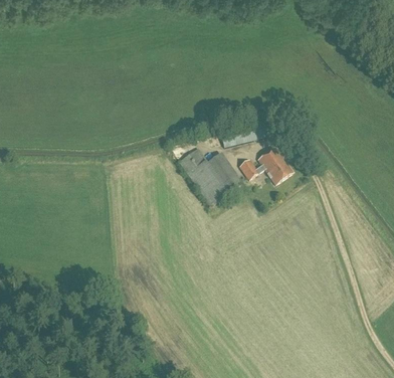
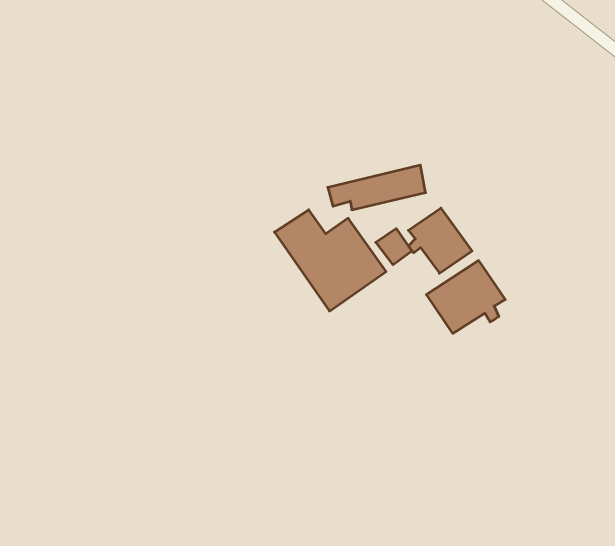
building: none -> [426,261,505,333]

